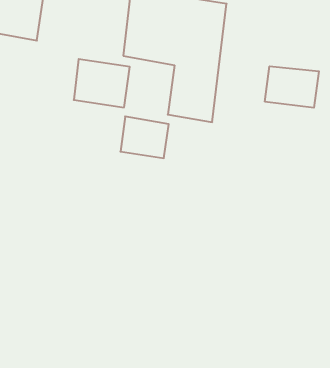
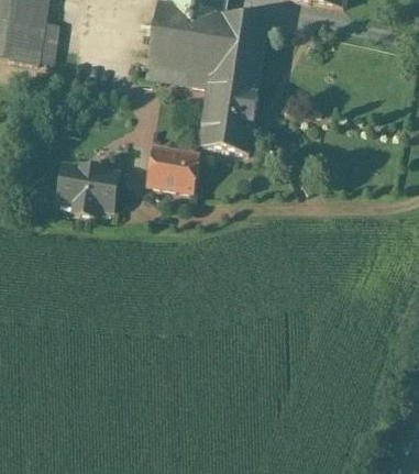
building: [74,59,130,107] -> [57,157,122,213]
building: [265,66,319,108] -> none

